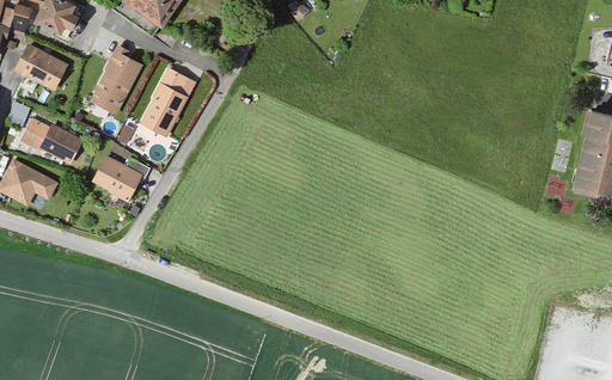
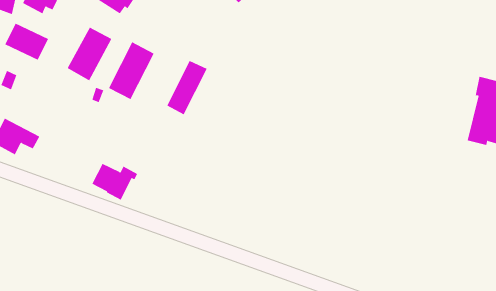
building: none -> [166,60,208,115]
building: [20,117,81,163] -> none
building: [92,155,148,201] -> [91,163,138,201]

